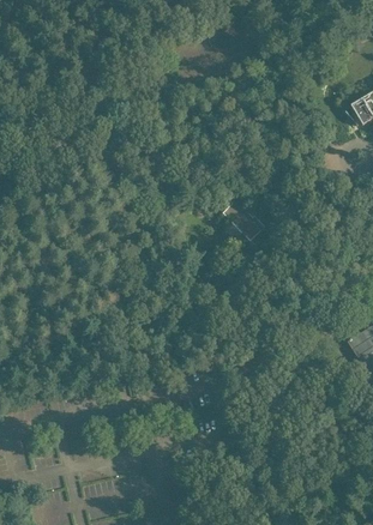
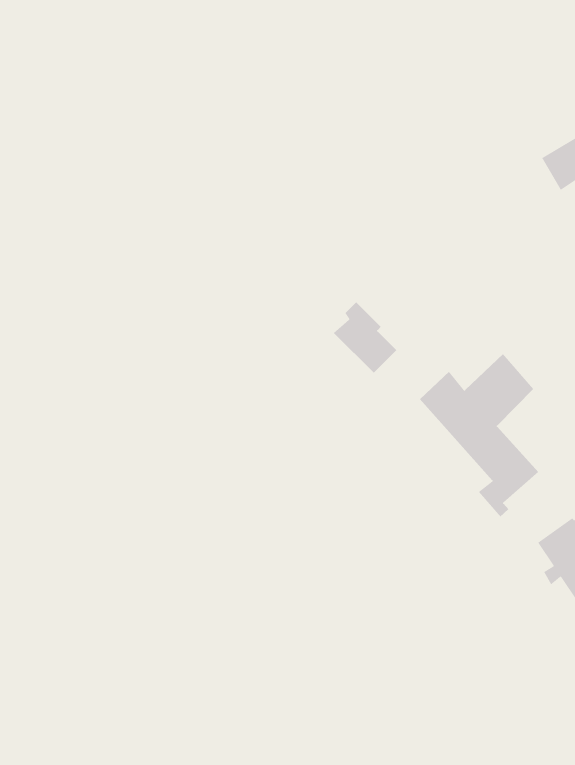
building: none -> [419,353,539,518]

